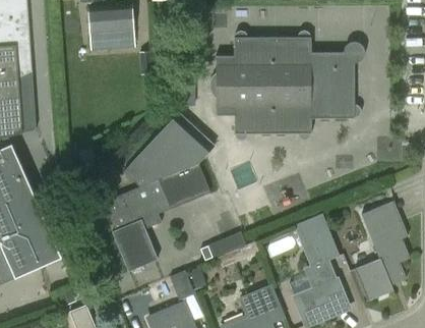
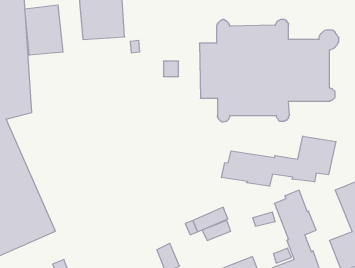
building: none -> [25,5,63,55]
building: [104,112,214,271] -> none
building: none -> [221,136,336,186]

